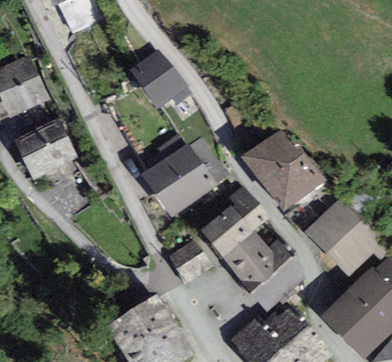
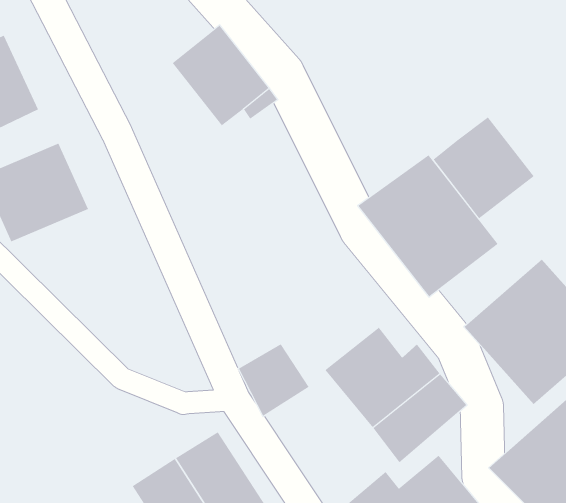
building: none -> [433,116,535,219]
building: [142,135,229,216] -> none
building: [201,186,269,256] -> none

